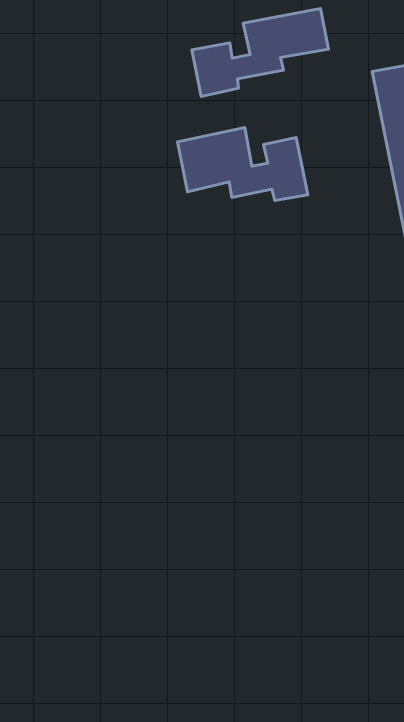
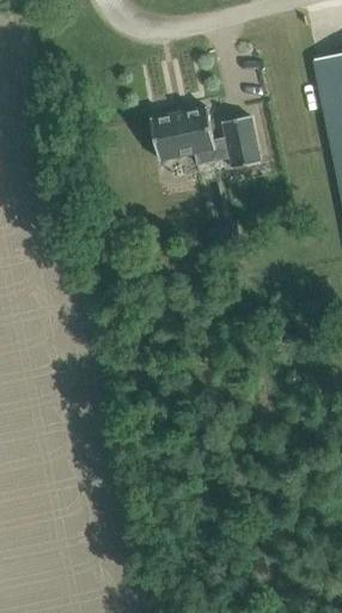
building: [192,8,329,96] -> none

